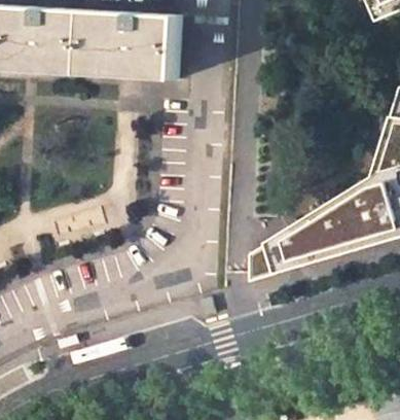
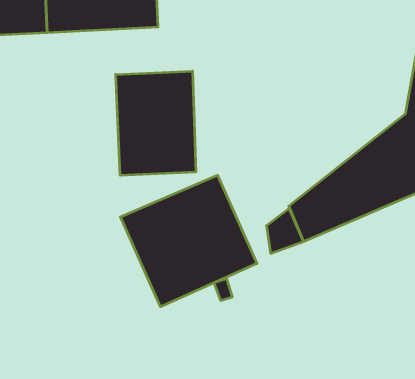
building: none -> [116,71,196,175]
building: none -> [120,175,257,307]

